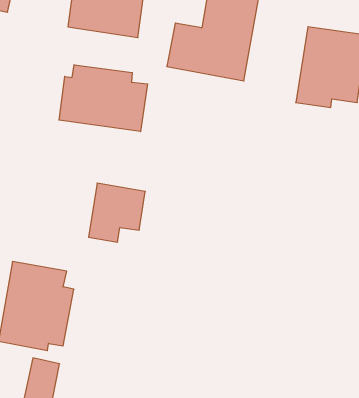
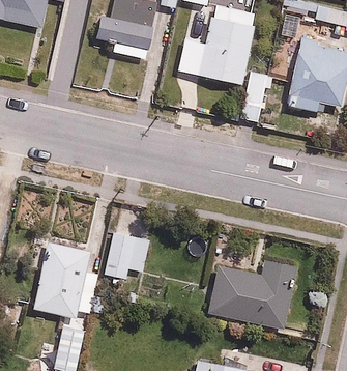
building: [59,65,148,132] -> none
building: [89,183,145,242] -> [103,231,151,282]
building: none -> [206,260,295,330]

